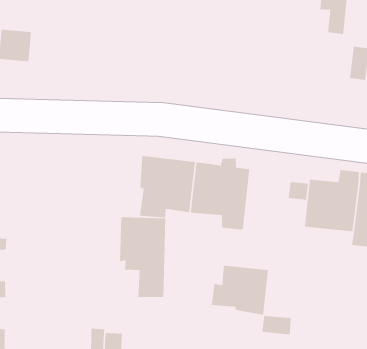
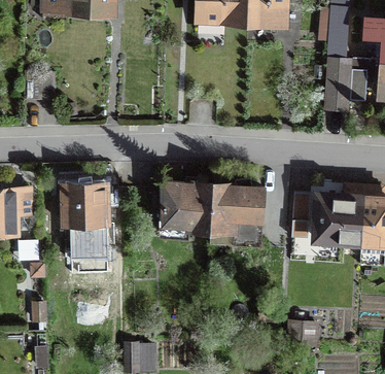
building: none -> [325,59,350,110]
building: [119,217,166,298] -> [64,183,108,258]
building: [211,265,269,315] -> none

